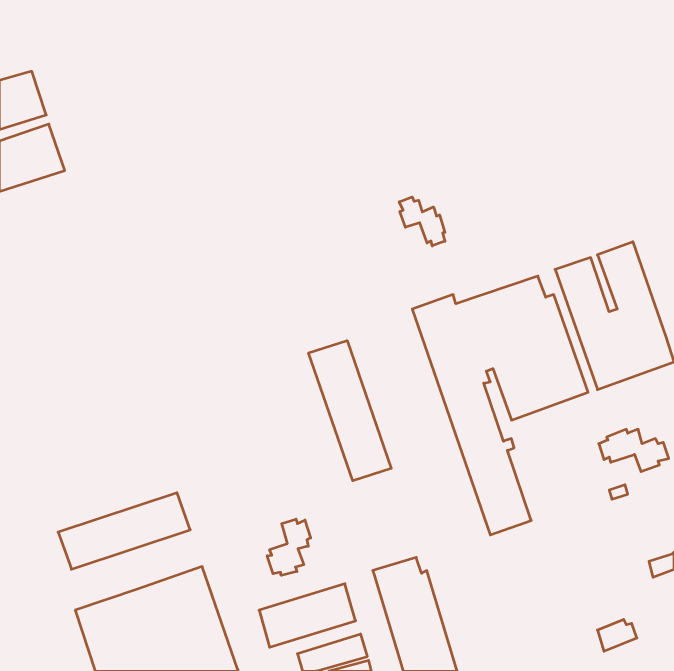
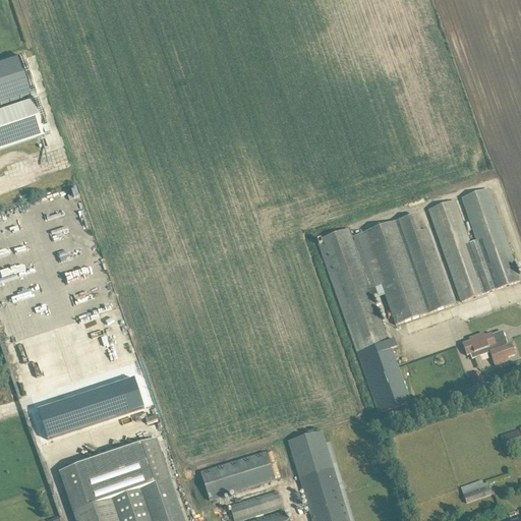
building: [399,197,445,246] -> none
building: [309,341,391,481] -> none
building: [267,519,311,575] -> none

